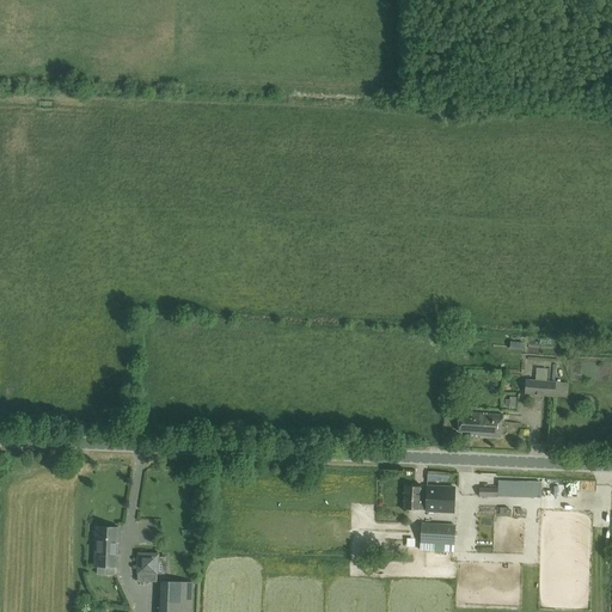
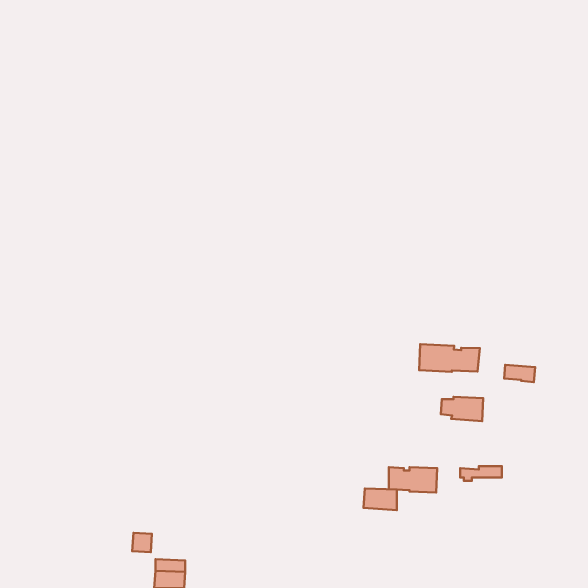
building: none -> [419,344,480,372]
building: [420,522,454,545] -> [364,488,397,510]
building: [94,526,118,567] -> none

